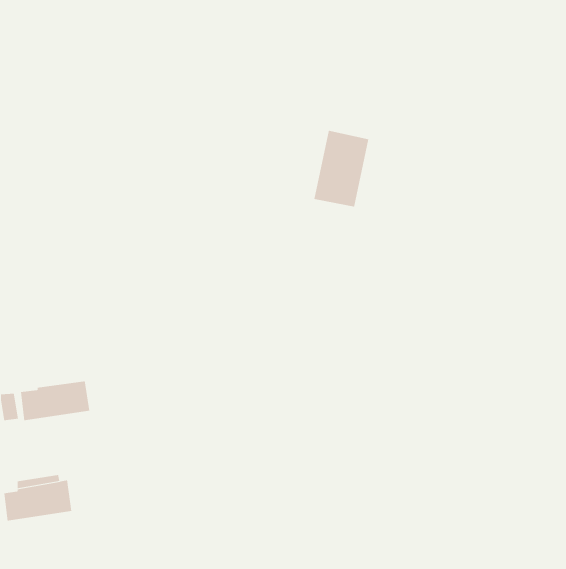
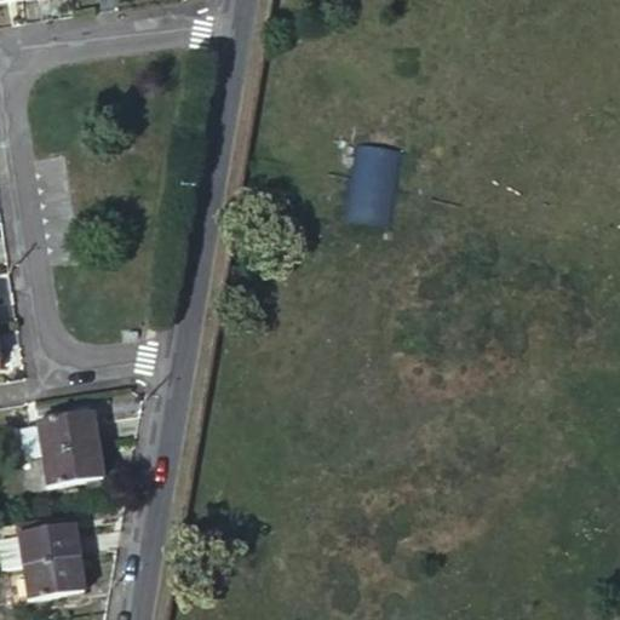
building: none -> [28,447,105,490]
building: none -> [27,556,85,597]

